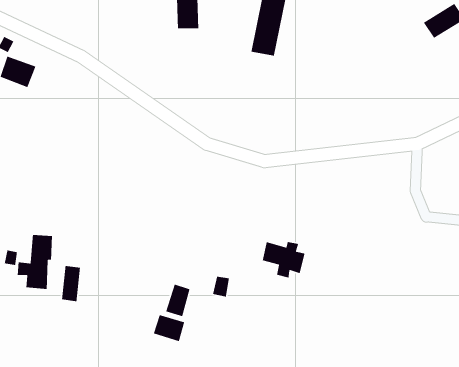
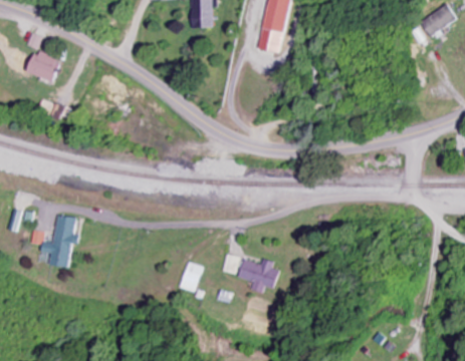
building: [262,241,306,278] -> [240,259,280,293]
building: [61,265,81,302] -> none
building: [153,314,185,342] -> none

